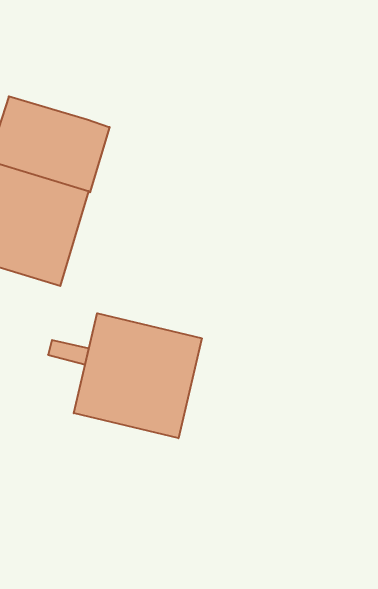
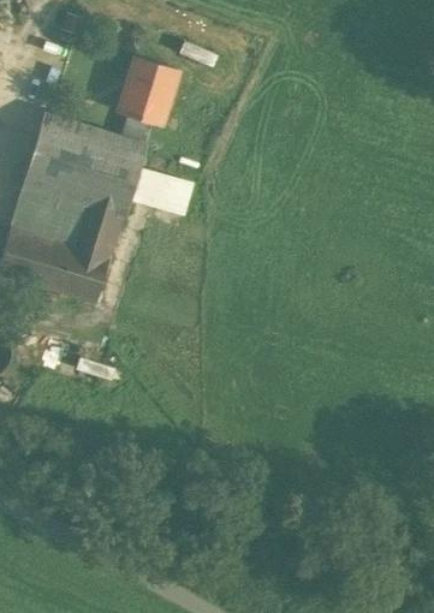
building: none -> [120,56,178,148]
building: [74,313,202,438] -> none

